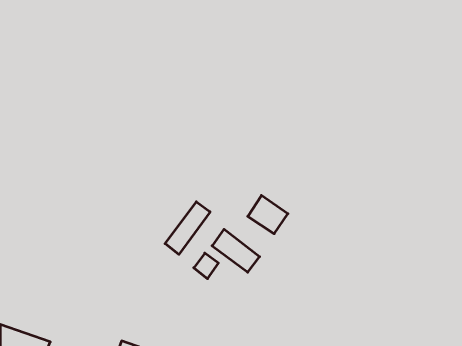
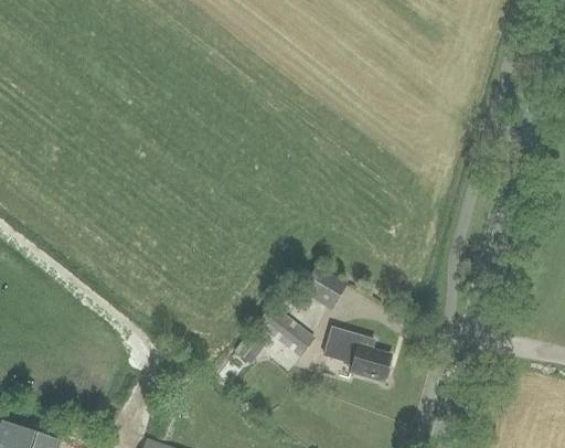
building: [165,202,210,254] -> none
building: none -> [322,329,390,382]

